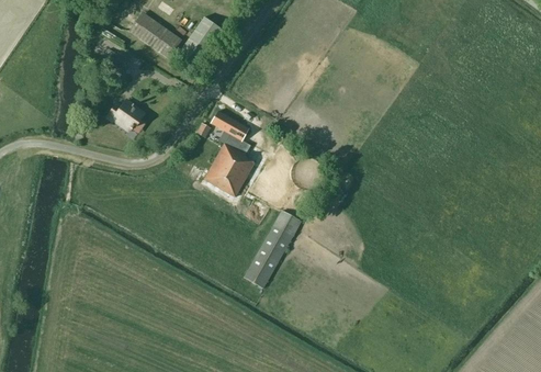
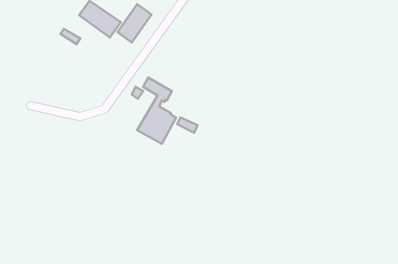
building: [106,100,144,131] -> none
building: [244,210,302,288] -> none

